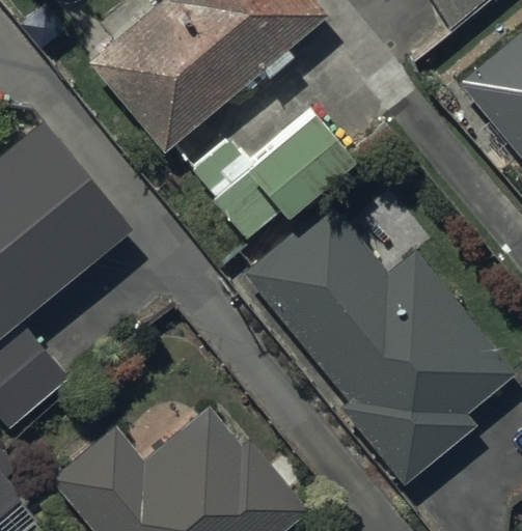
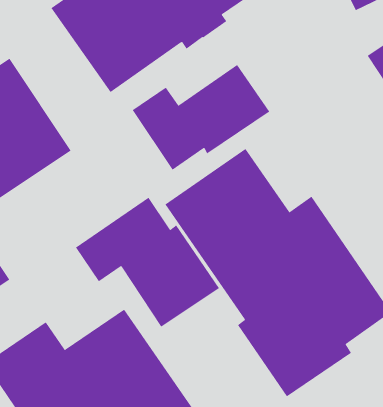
building: none -> [75,197,220,327]

